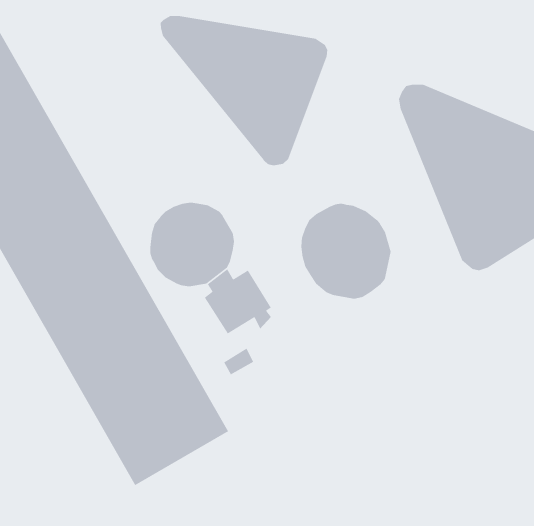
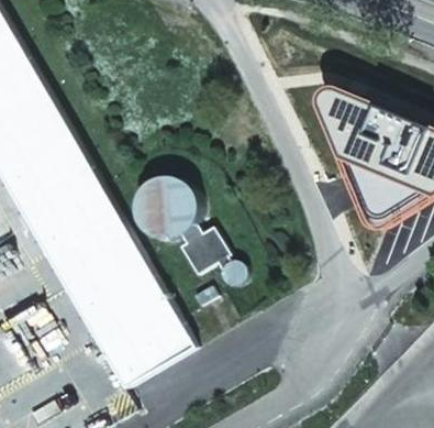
building: [160,15,328,166] -> none
building: [300,203,391,299] -> none

